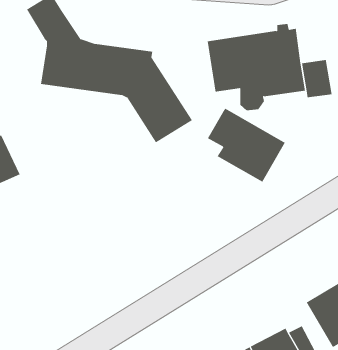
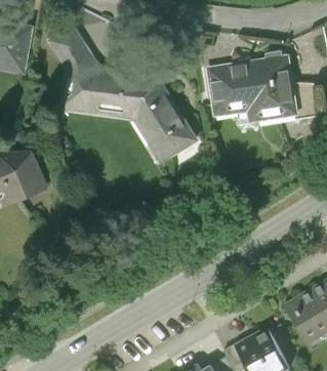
building: [207,108,285,182] -> none

